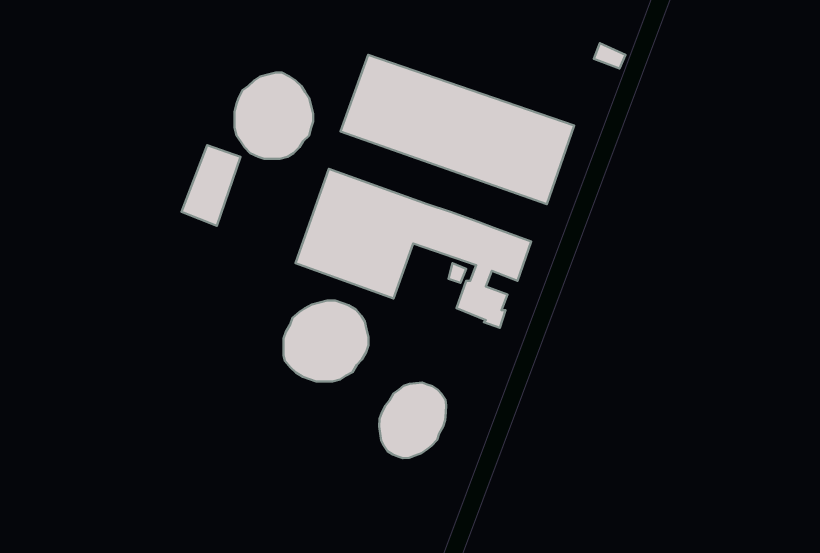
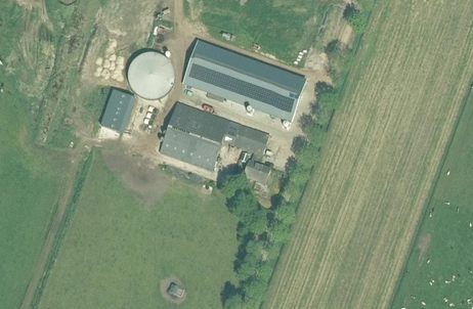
building: [283,300,369,382] -> none
building: [379,383,446,458] -> none

